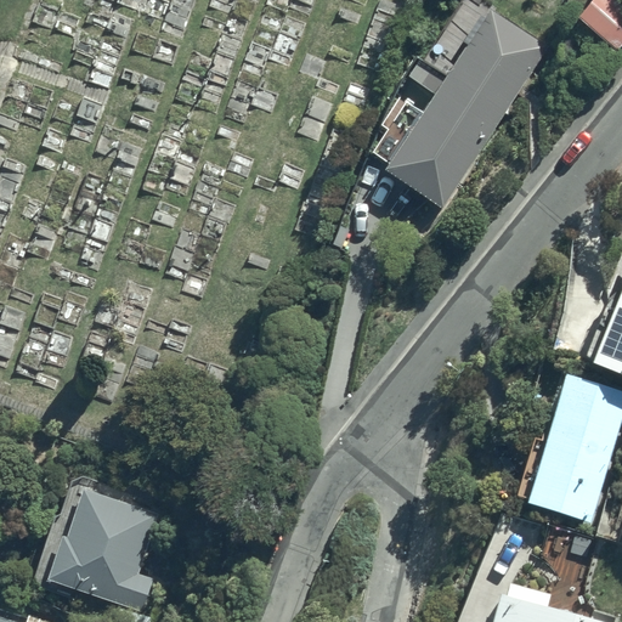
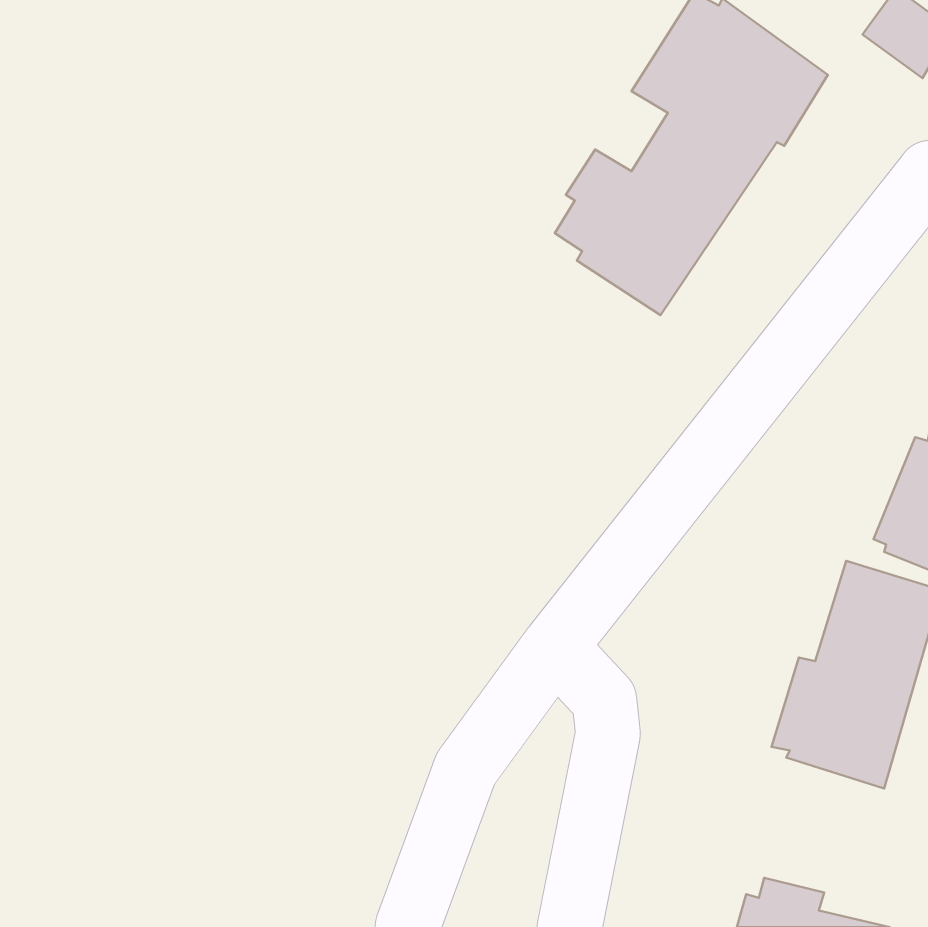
building: [49,488,159,610] -> none

